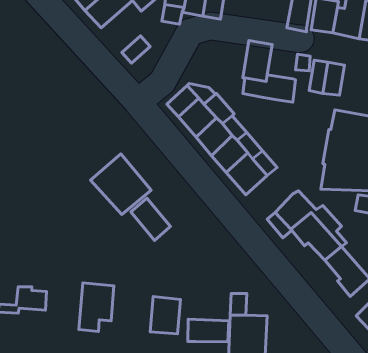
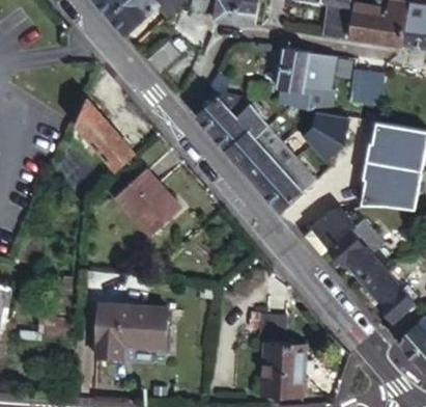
building: none -> [304,52,335,88]
building: none -> [74,98,134,170]
building: none -> [303,111,347,160]
building: [131,198,171,240] -> none
building: [150,297,181,334] -> [138,308,170,348]
building: [188,319,229,342] -> none

